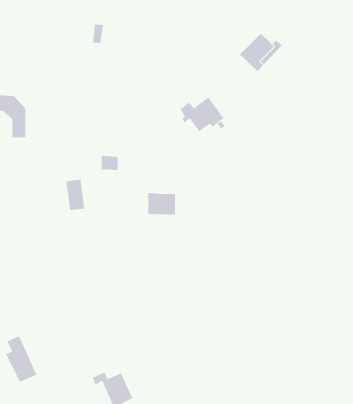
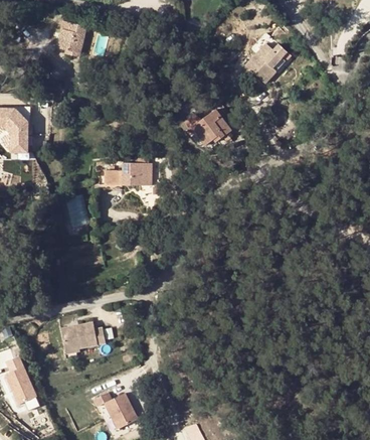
building: none -> [57,22,85,52]
building: [147,193,176,215] -> [122,162,151,185]
building: none -> [60,321,104,349]

